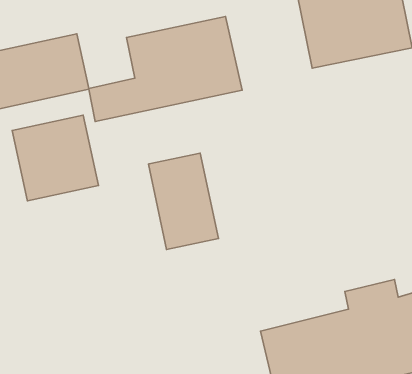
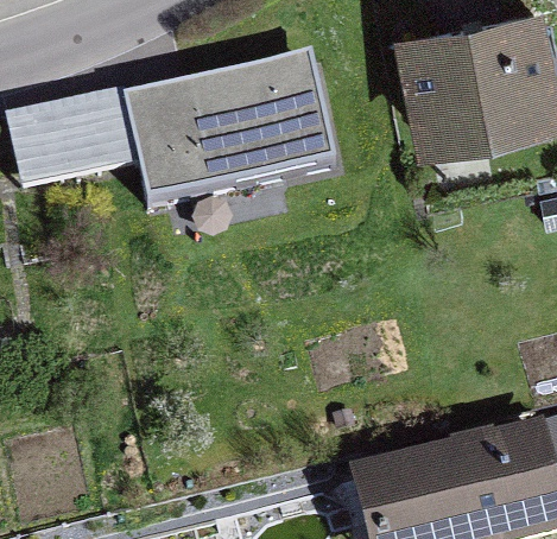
building: [12,115,98,201] -> none
building: [148,153,218,250] -> none

